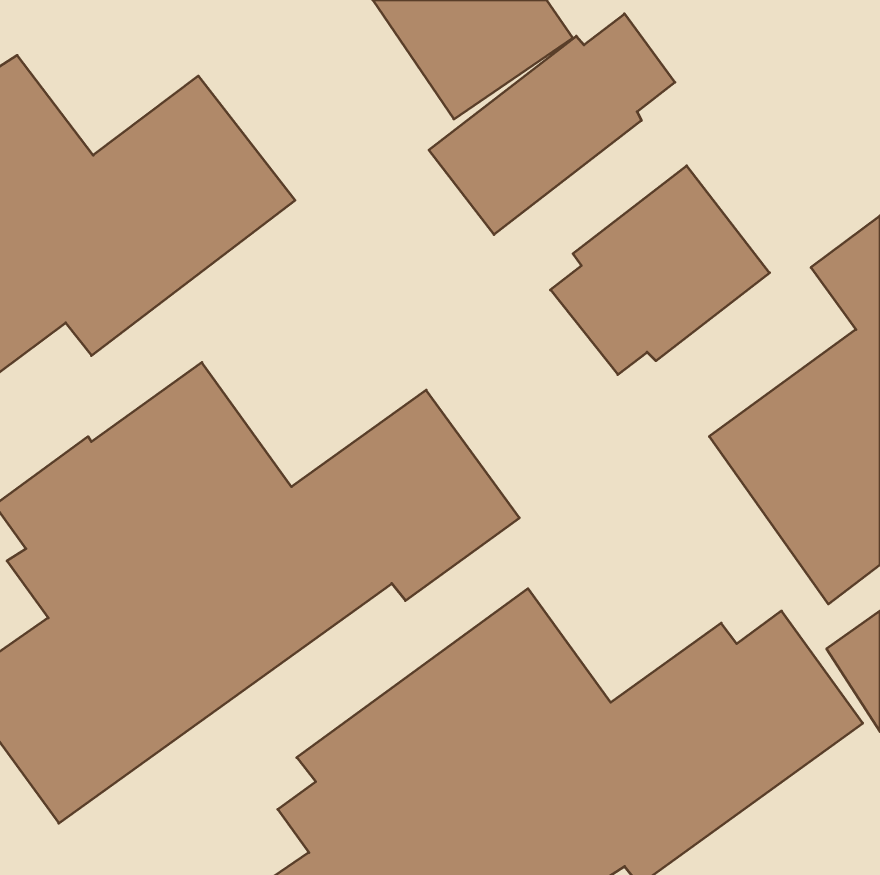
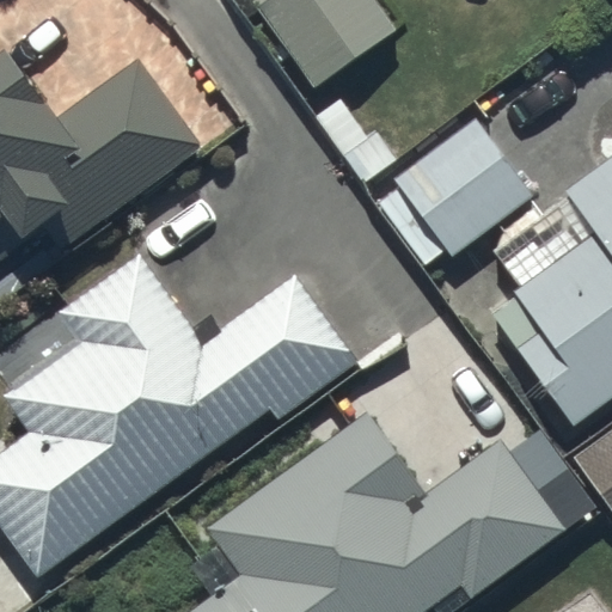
building: [429,14,675,235] -> none

